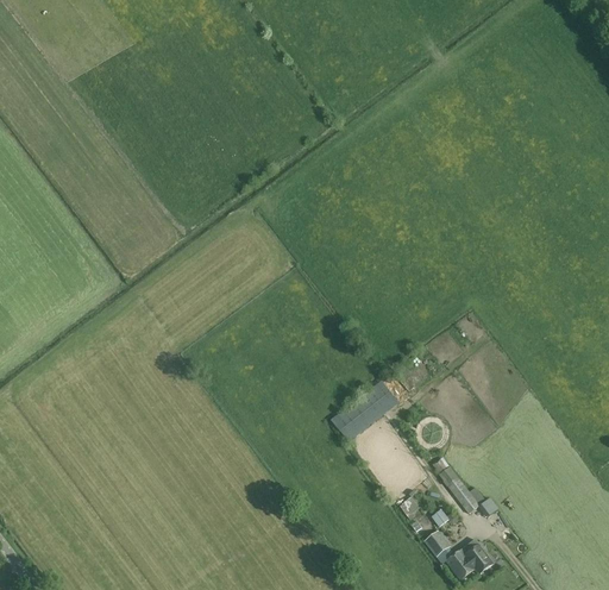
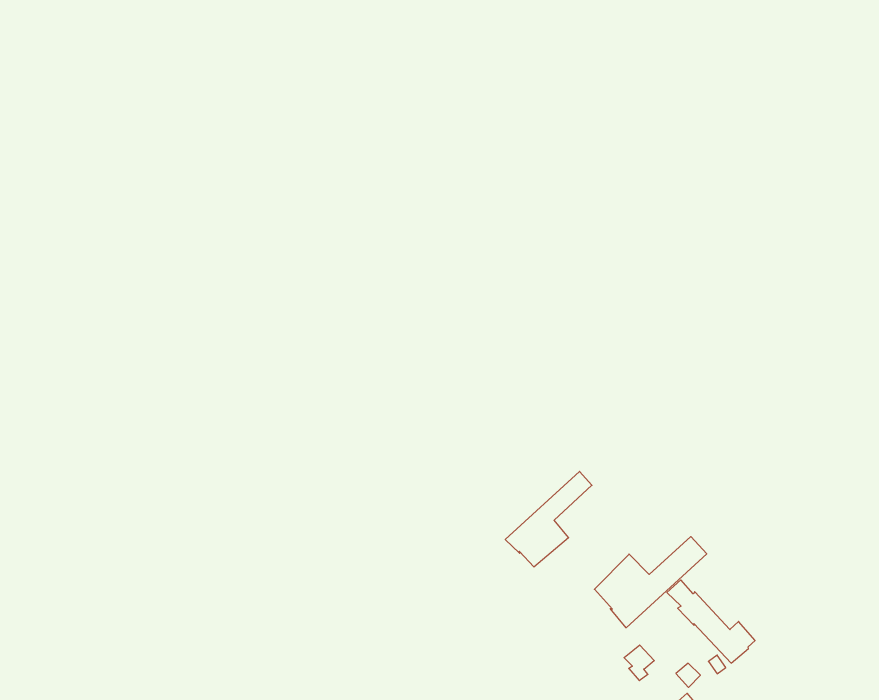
building: none -> [594,537,707,628]

